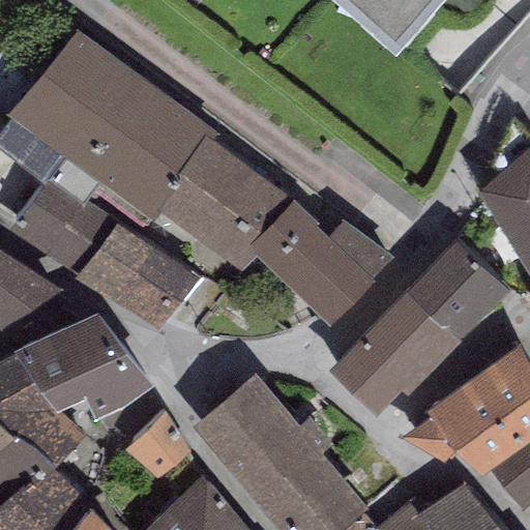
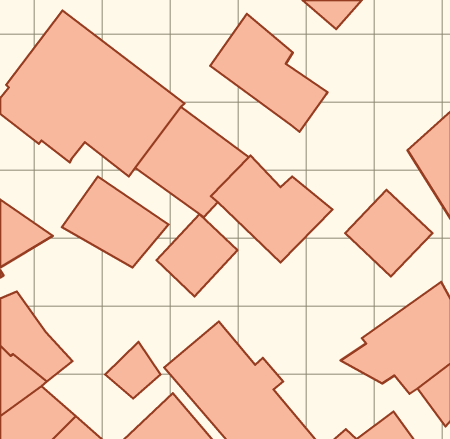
building: none -> [210,14,328,132]
building: [6,179,116,281] -> none
building: none -> [156,214,237,296]
building: [329,288,460,413] -> none
building: [14,310,156,415] -> none

